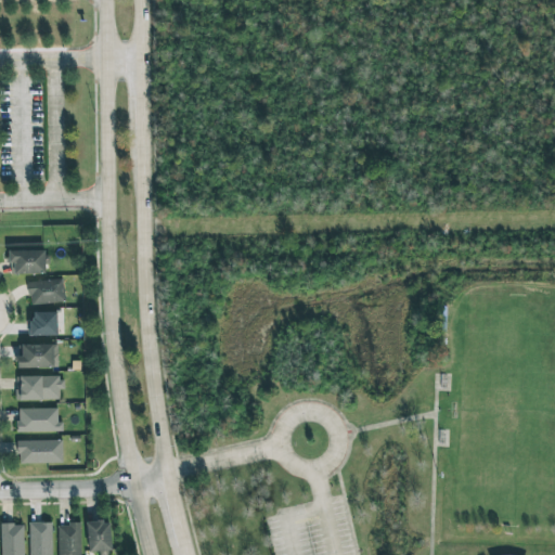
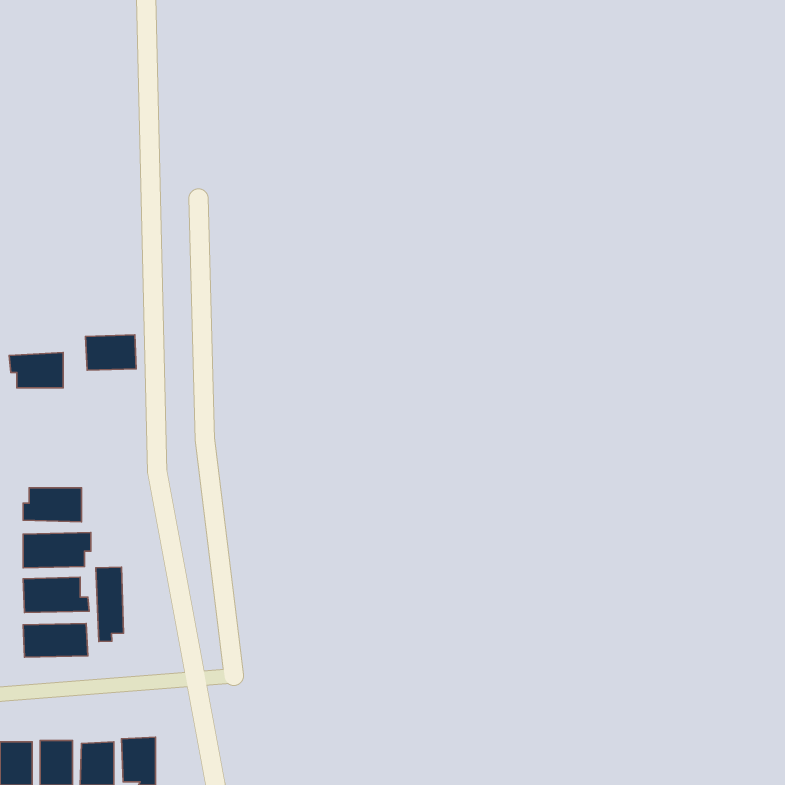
building: [28,279,64,304] -> [86,335,136,370]
building: [30,311,57,335] -> none
building: none -> [96,567,123,642]

